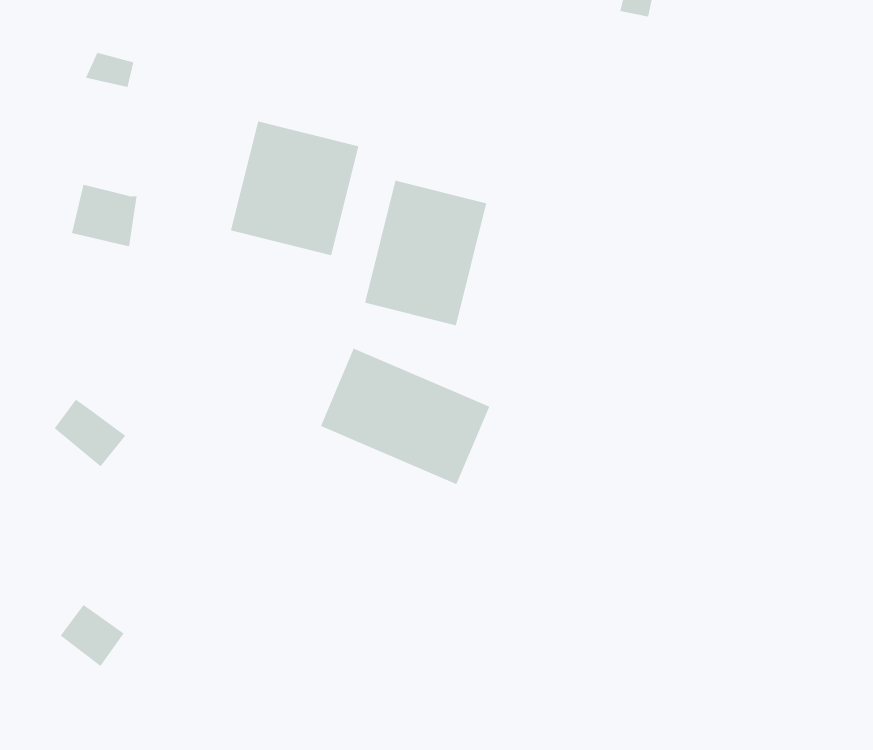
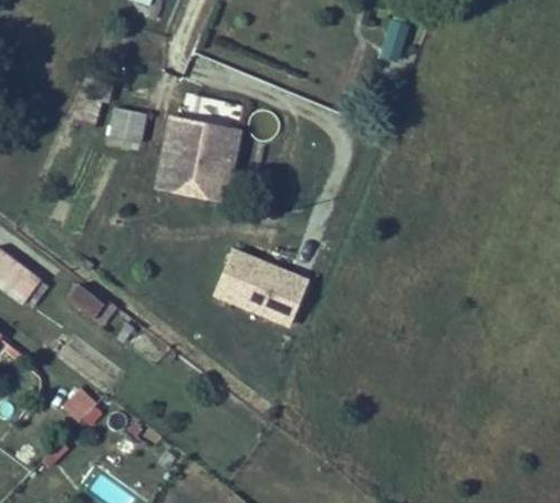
building: [364,180,487,326] -> none
building: [71,184,138,247] -> [108,109,146,144]

